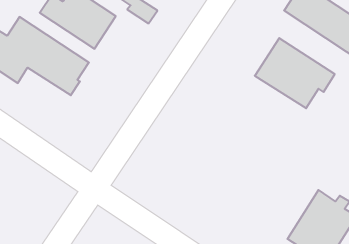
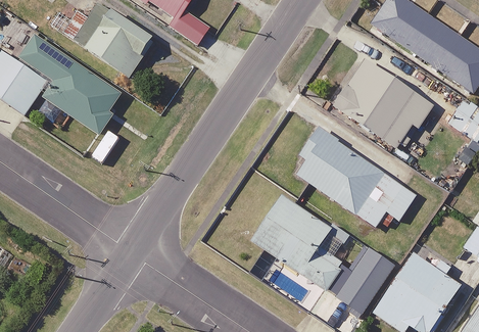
building: none -> [295,127,417,244]
building: none -> [250,196,345,290]
building: none -> [337,249,393,313]

